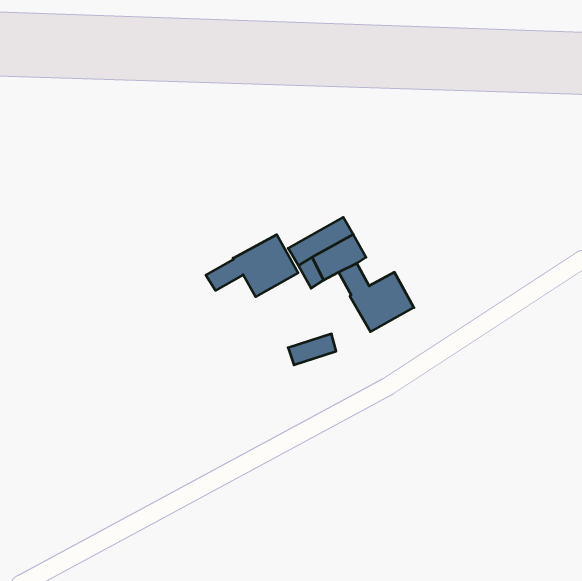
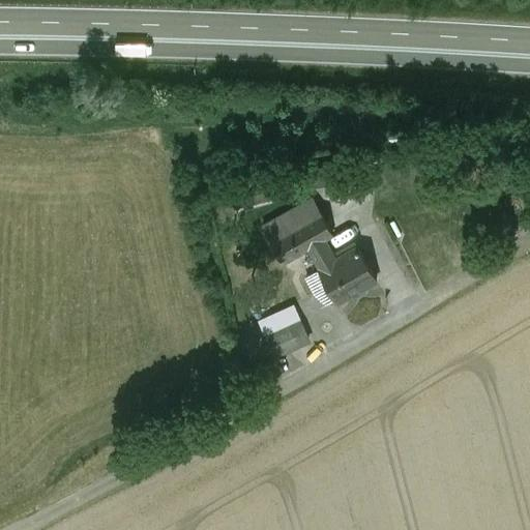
building: [206,235,298,297] -> none
building: none -> [266,323,311,352]

